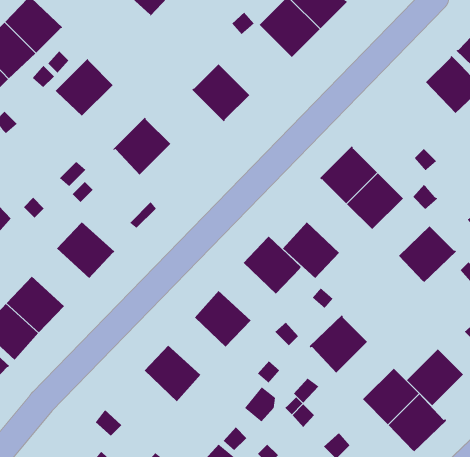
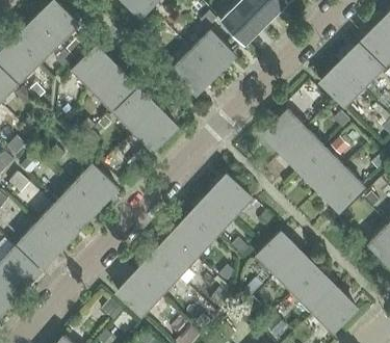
building: none -> [190,30,233,73]
building: none -> [320,63,362,106]
building: none -> [92,65,134,108]
building: none -> [133,108,176,151]
building: none -> [302,148,343,189]
building: [282,221,340,279] -> [190,194,232,236]
building: none -> [55,184,97,226]
building: none -> [154,234,196,275]
building: [406,349,464,406] -> [276,252,317,293]
building: none -> [118,272,160,315]

